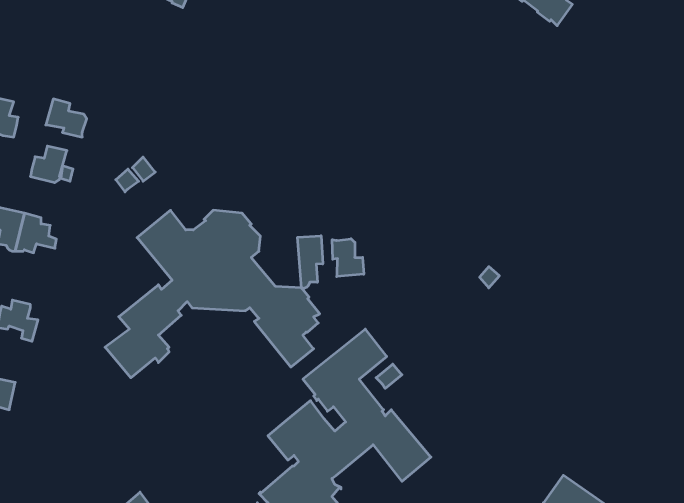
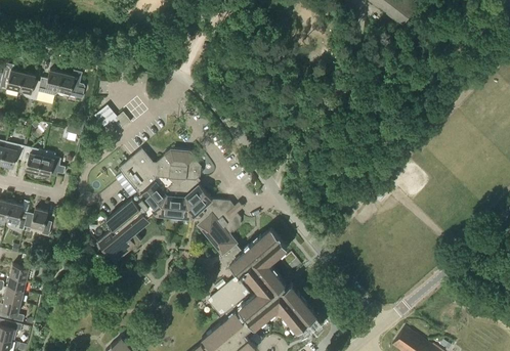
building: [30,146,67,183] -> [37,71,61,95]
building: [298,236,323,289] -> none
building: [332,239,364,277] -> none

